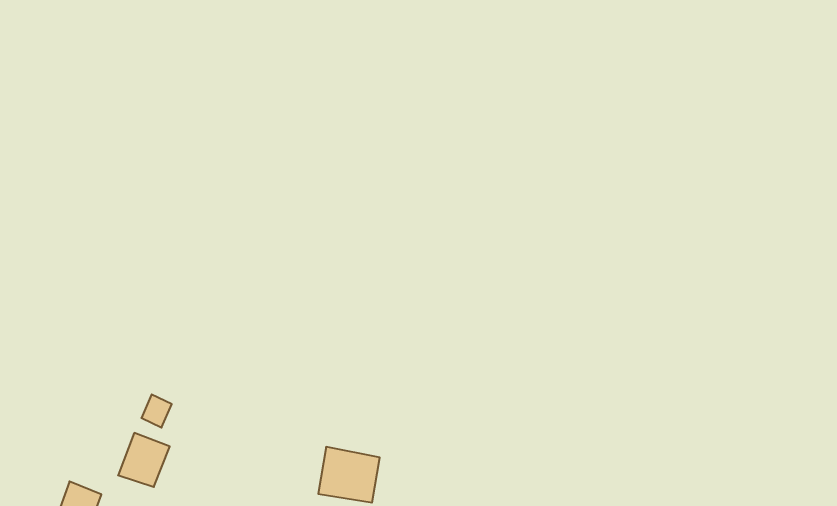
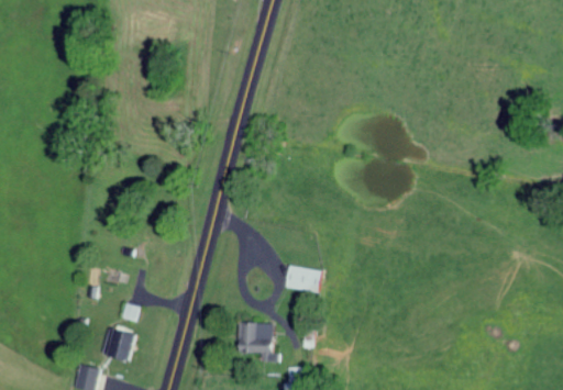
building: none -> [284,265,320,293]

